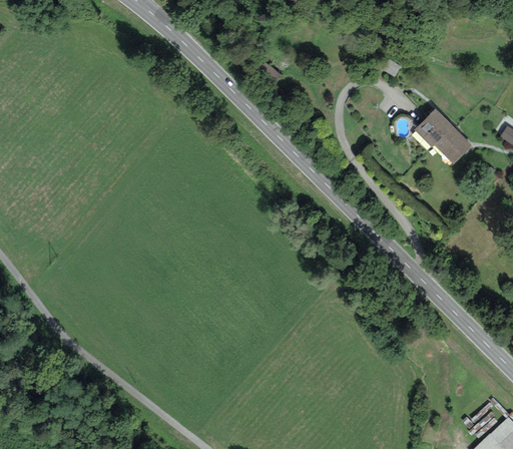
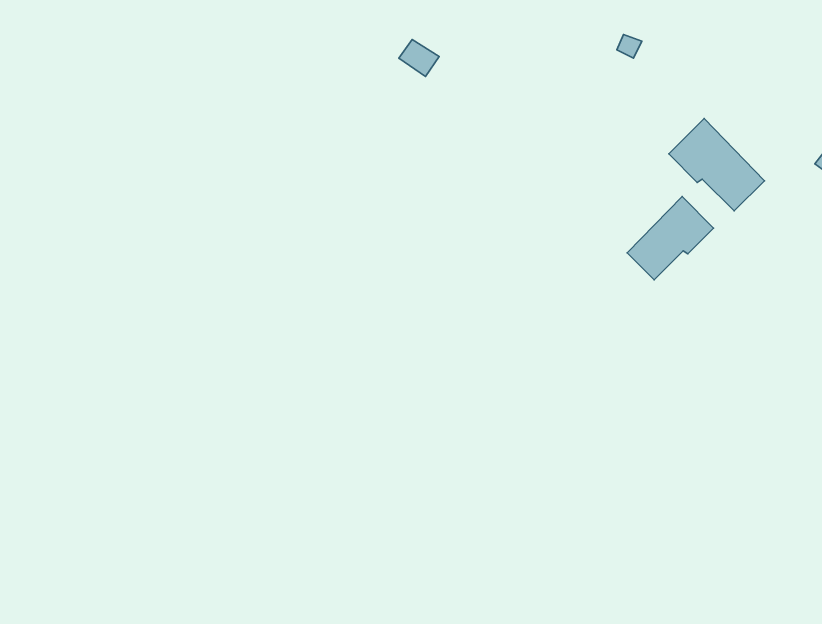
building: none -> [627,196,714,280]

